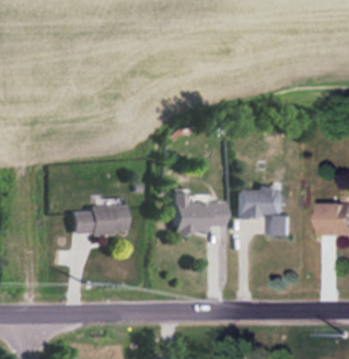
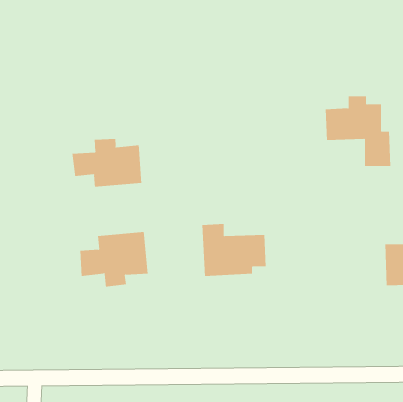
building: none -> [72,138,142,187]
building: [239,181,292,238] -> [325,96,391,166]

